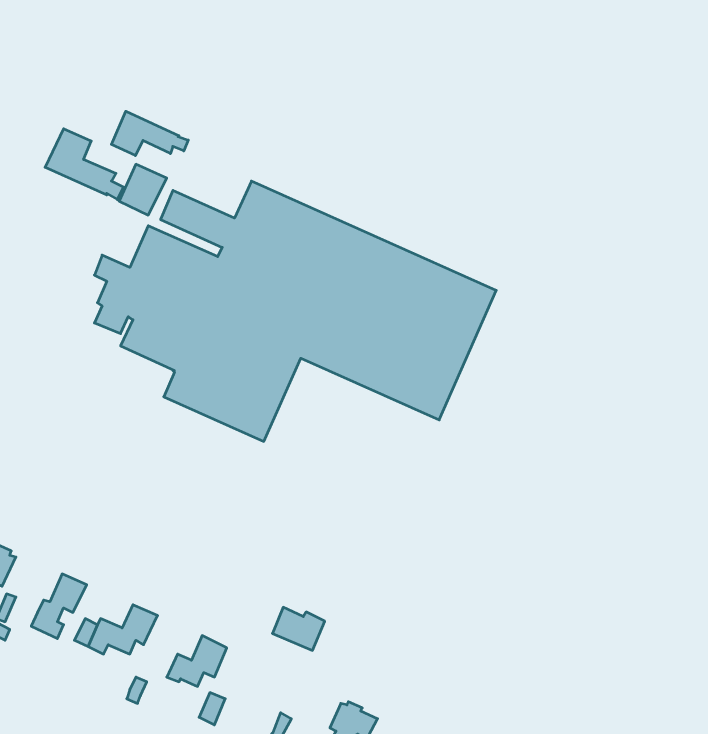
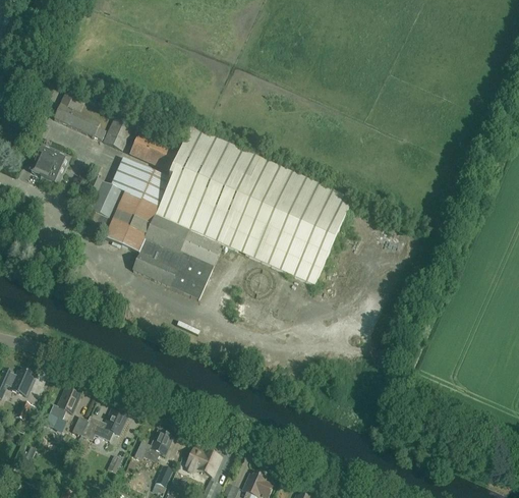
building: [111,111,188,156] -> none
building: none -> [33,144,70,184]
building: [272,607,325,650] -> [186,447,221,476]

